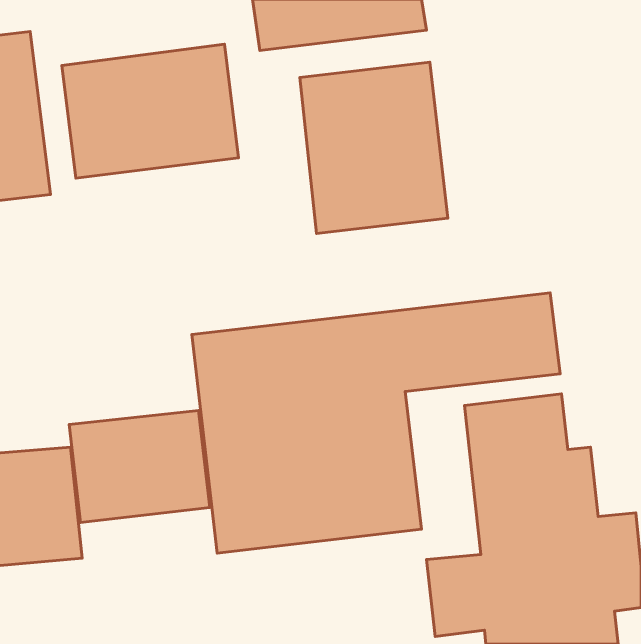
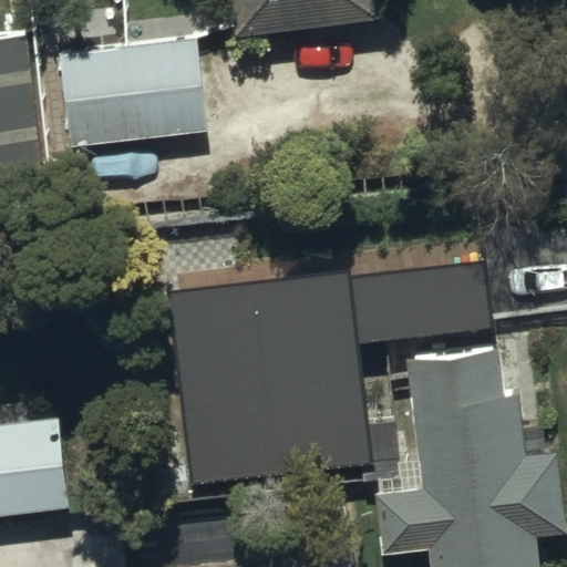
building: [300,62,448,234] -> none
building: [69,410,210,523] -> none

